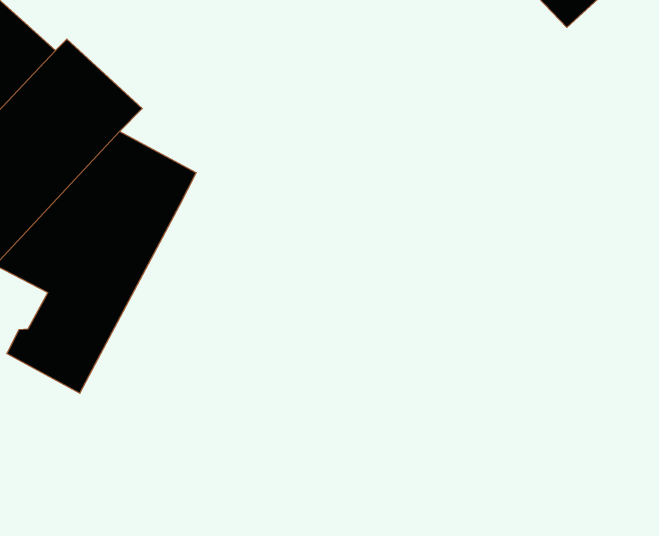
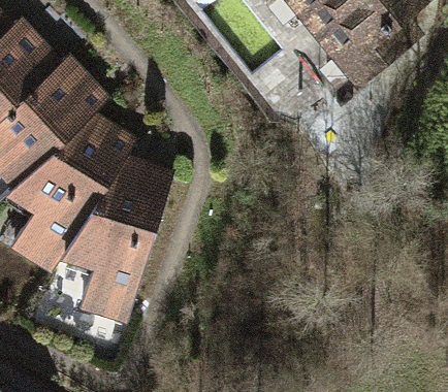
building: none -> [65,163,171,317]

